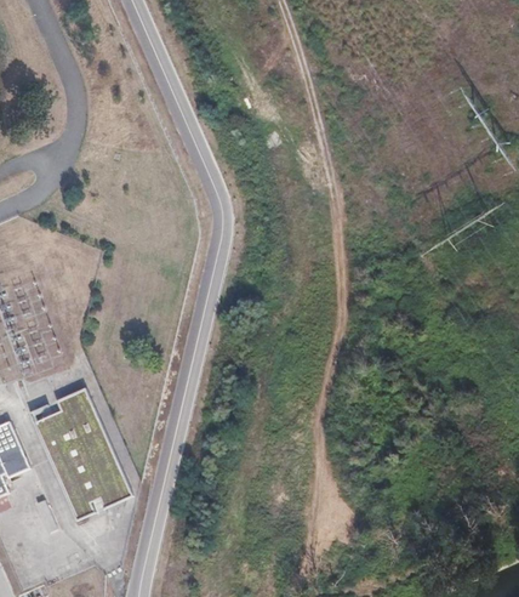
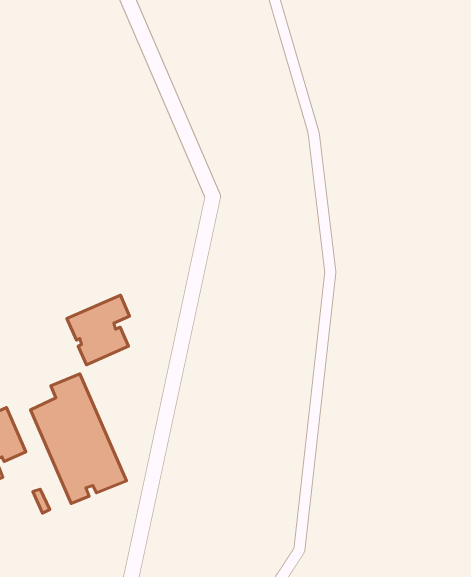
building: none -> [67,295,130,365]

